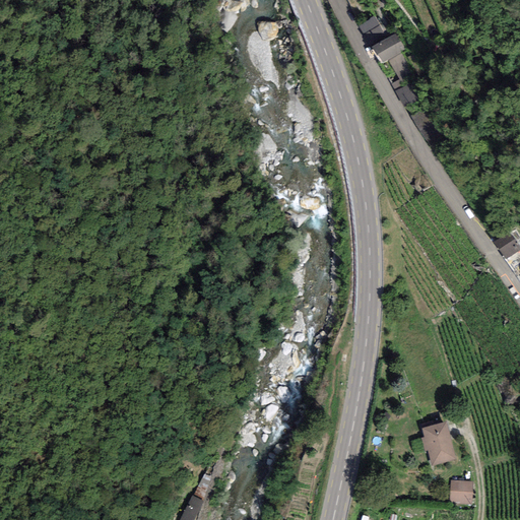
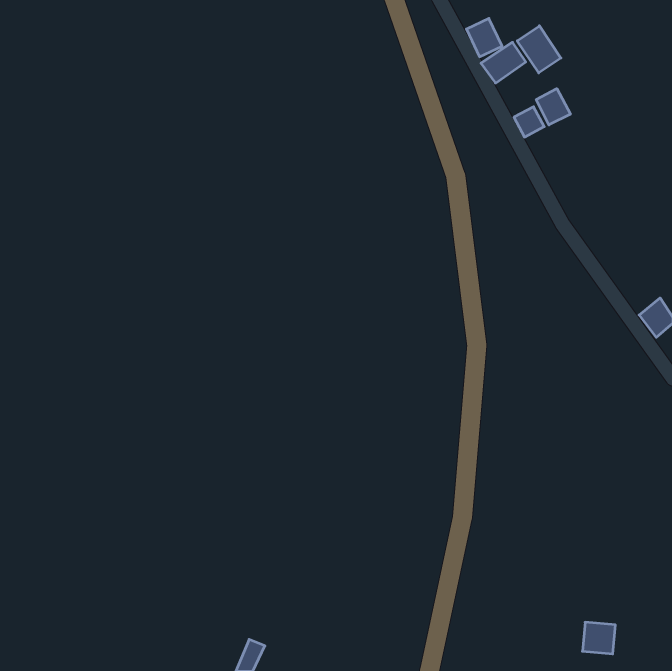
building: none -> [517,26,561,73]
building: none -> [536,89,570,125]
building: [420,422,455,464] -> none

